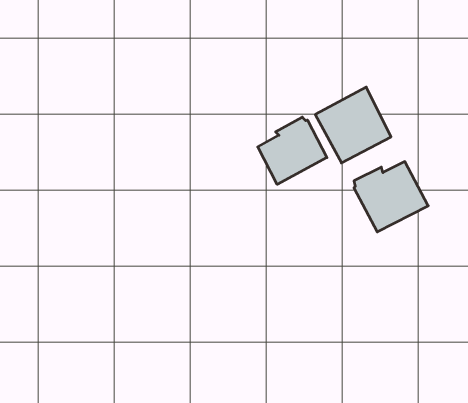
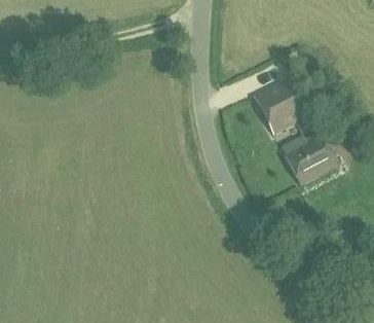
building: [258,117,327,184] -> none

